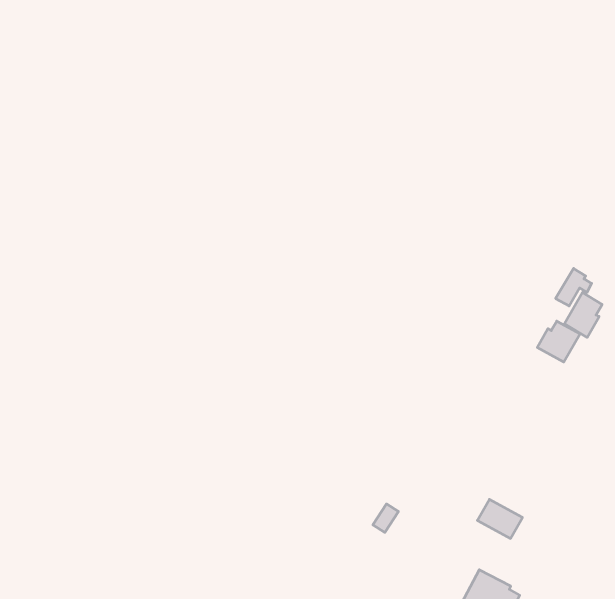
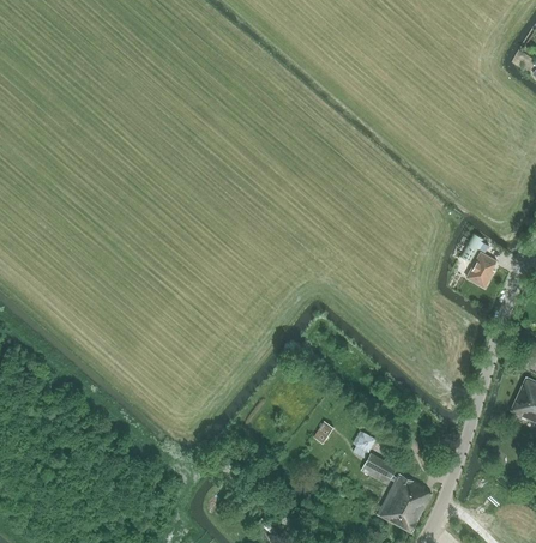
building: [537,321,580,362] -> none
building: [477,499,522,538] -> [361,453,397,484]

